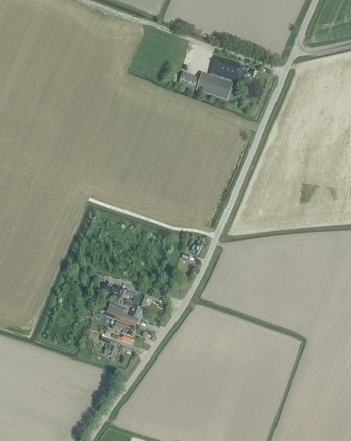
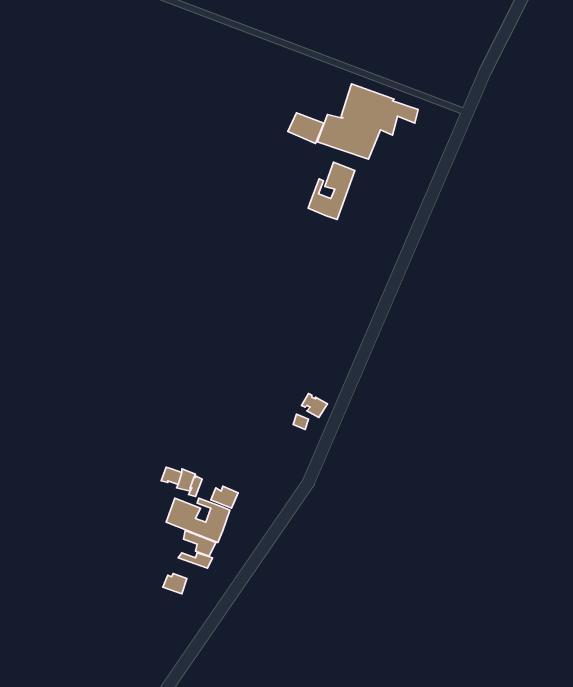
building: none -> [308,162,355,219]

